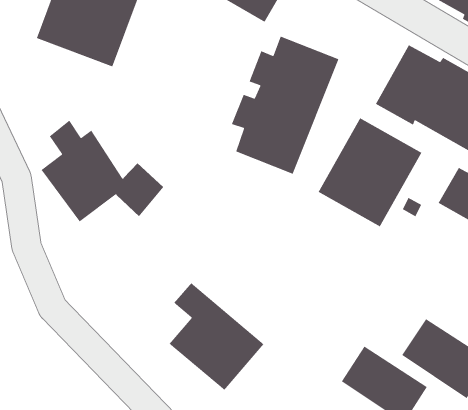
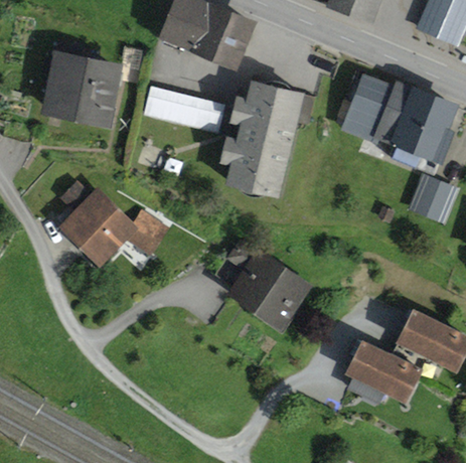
building: none -> [143,86,226,133]
building: [318,117,423,227] -> none
building: [169,282,265,391] -> [225,240,310,330]

